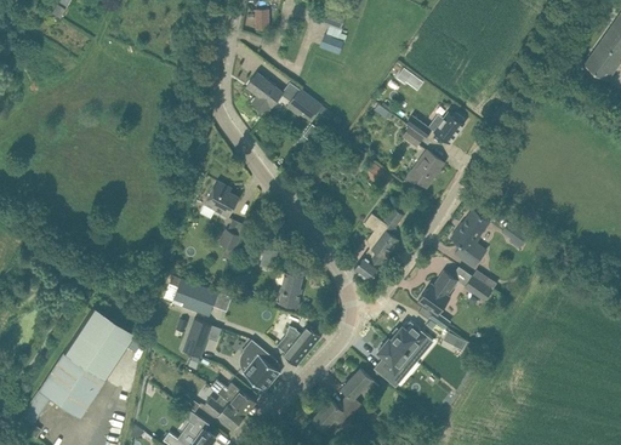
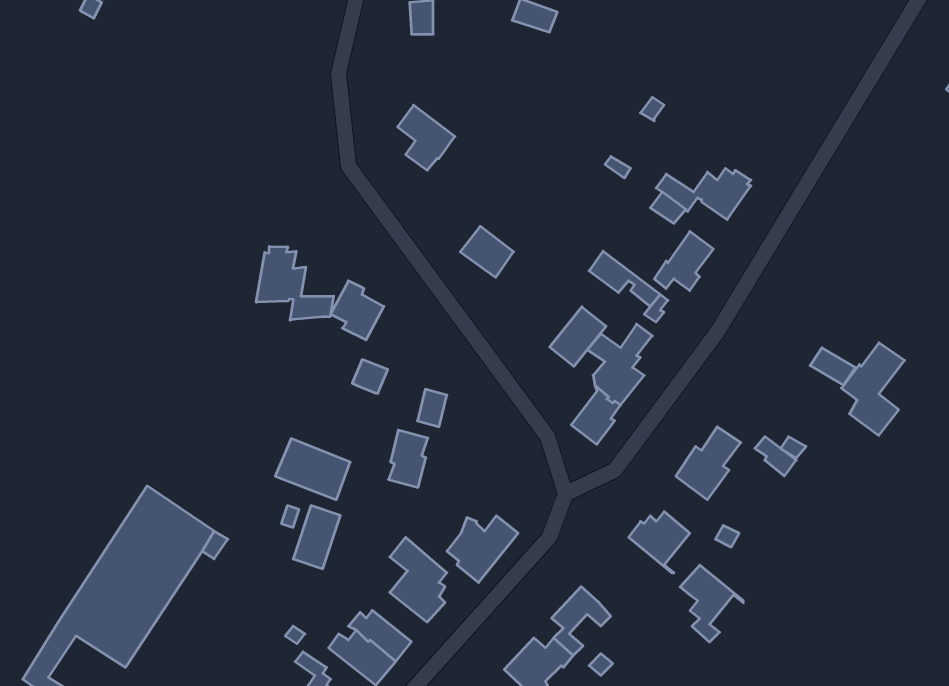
building: [287,89,320,120] -> [460,226,514,277]
building: none -> [256,246,334,320]
building: none -> [550,307,606,366]
building: [450,210,489,267] -> [841,343,905,435]
building: [278,272,302,307] -> [388,430,428,487]
building: [376,338,415,386] -> [680,565,743,642]

